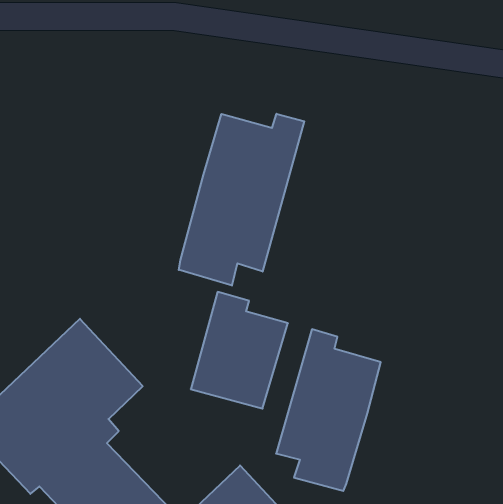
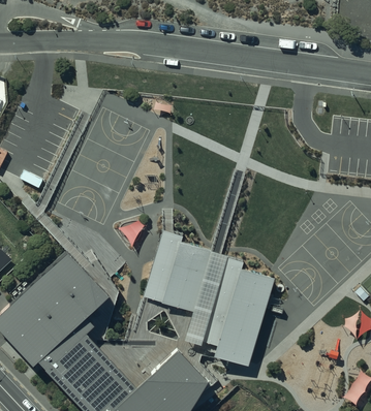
building: [179,114,304,286] -> none
building: none -> [185,252,227,342]

